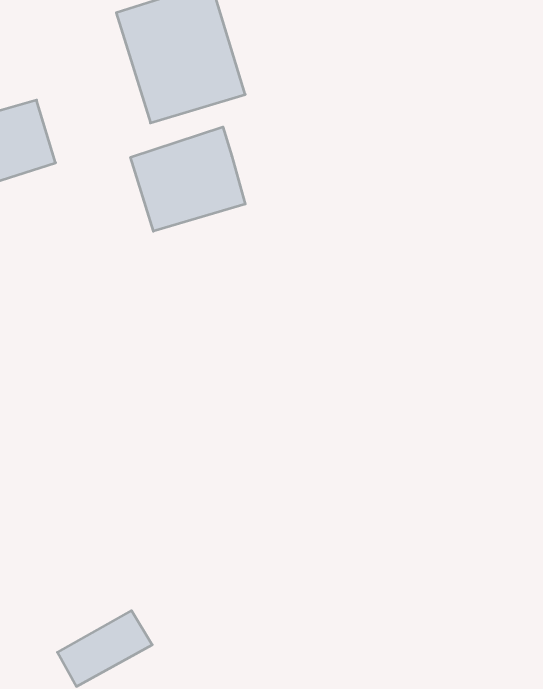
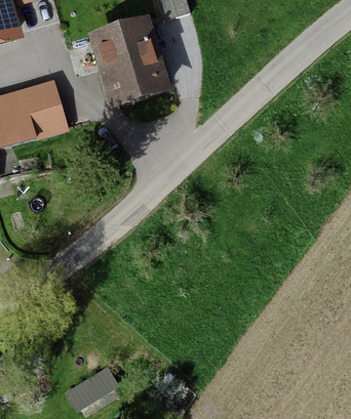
building: [131,127,245,231] -> none

